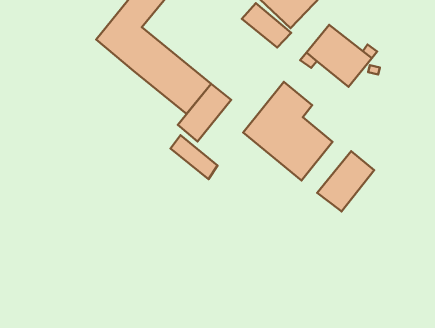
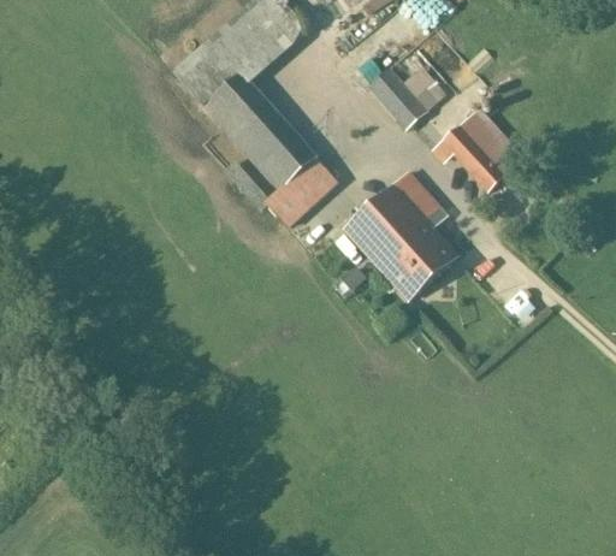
building: [170,135,218,179] -> none
building: [317,151,374,212] -> none

